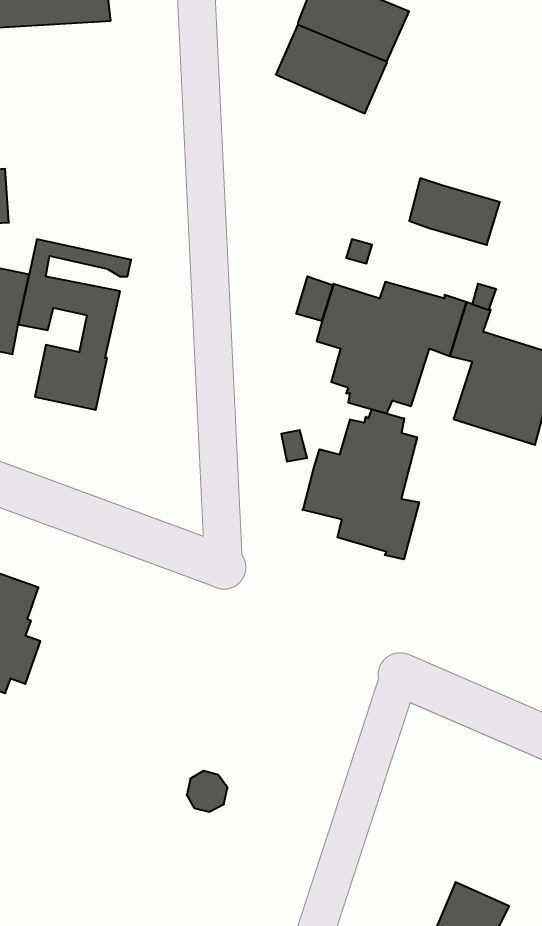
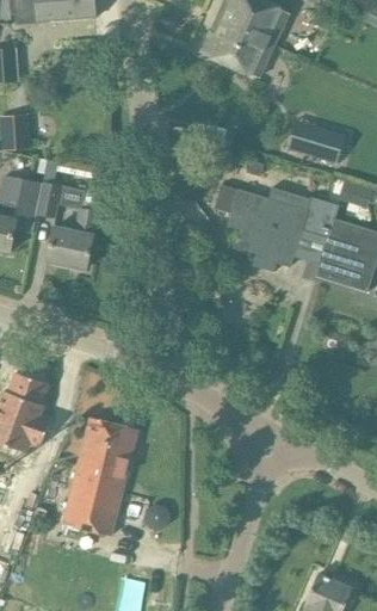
building: [302,409,419,559] -> none
building: none -> [64,418,136,535]

